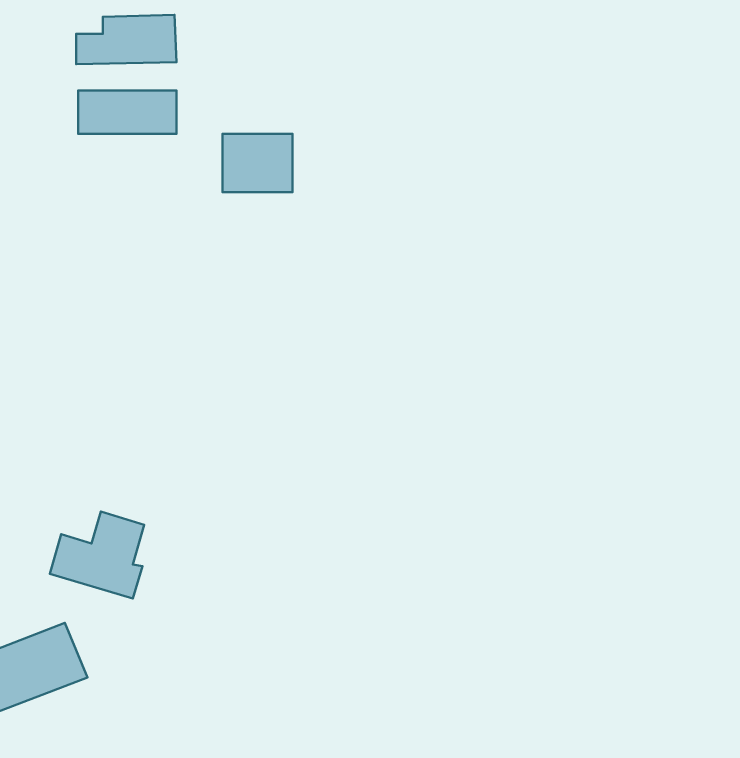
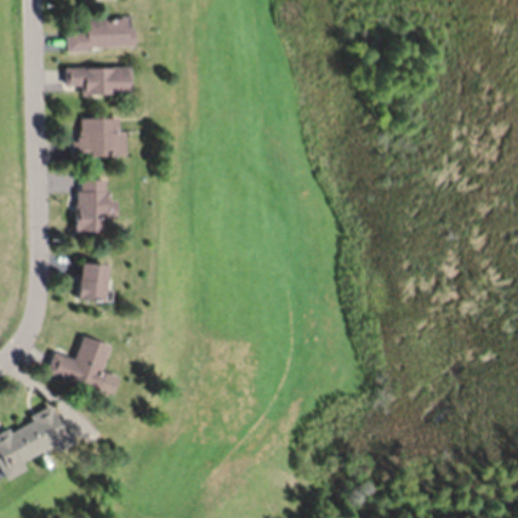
building: [223,134,292,192] -> [79,119,124,156]
building: none -> [78,180,112,228]
building: none -> [73,263,104,302]

